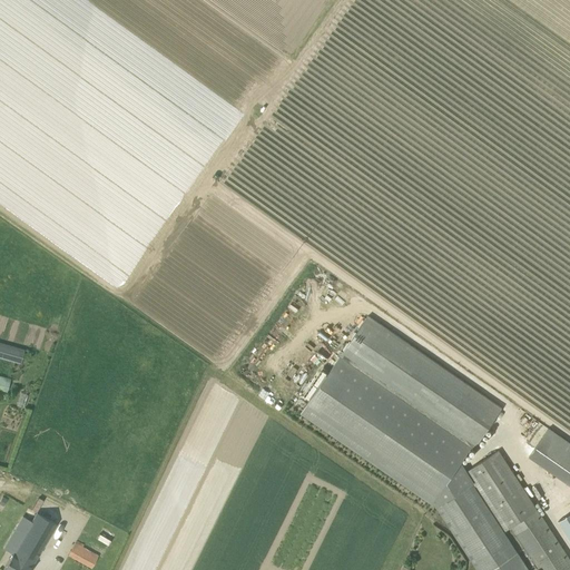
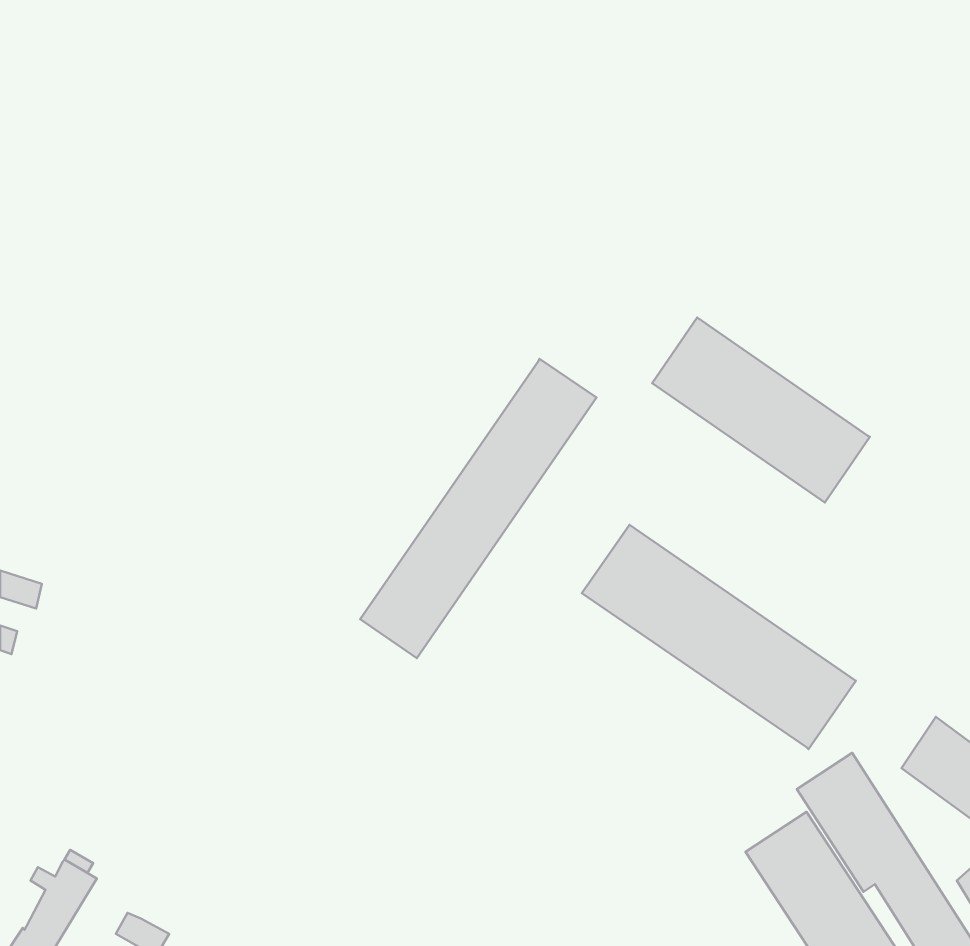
building: none -> [652,318,870,502]
building: none -> [360,359,596,658]
building: [301,356,472,504] -> none

